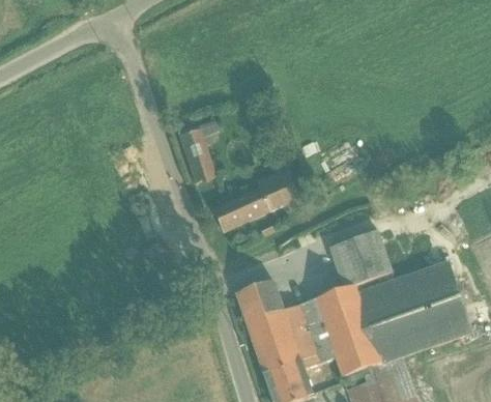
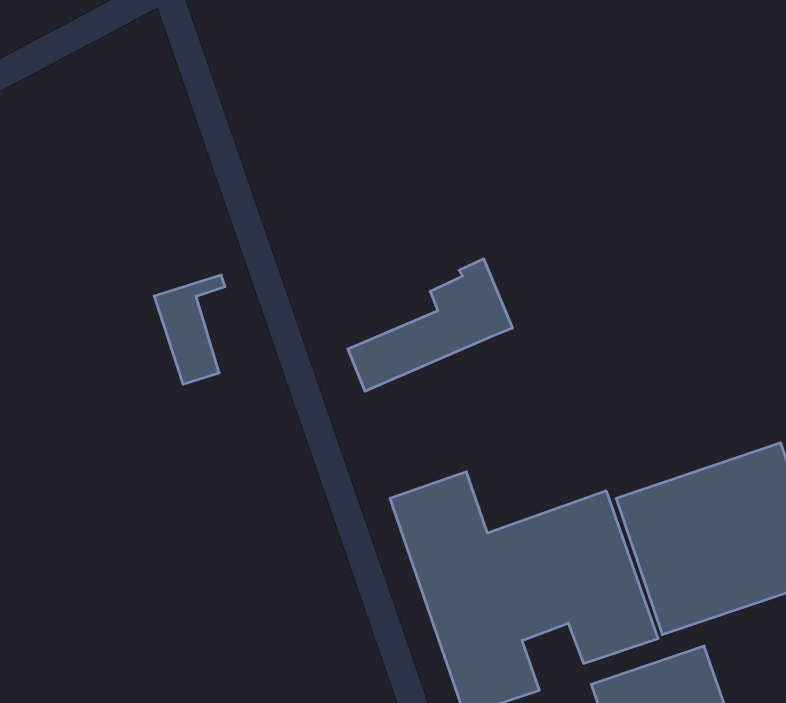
building: [180,123,219,182] -> [154,275,225,384]
building: [326,229,389,285] -> none

